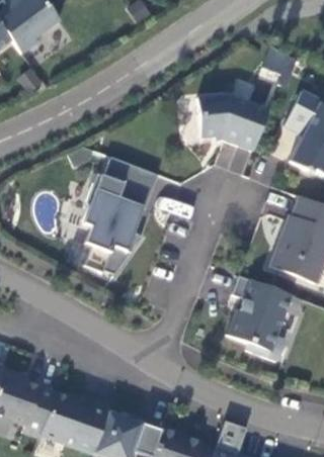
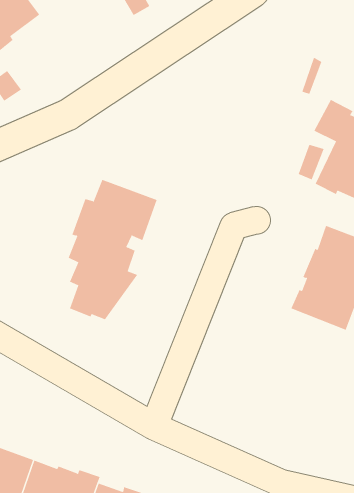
building: [197,95,269,152] -> none
building: [227,276,292,362] -> none

